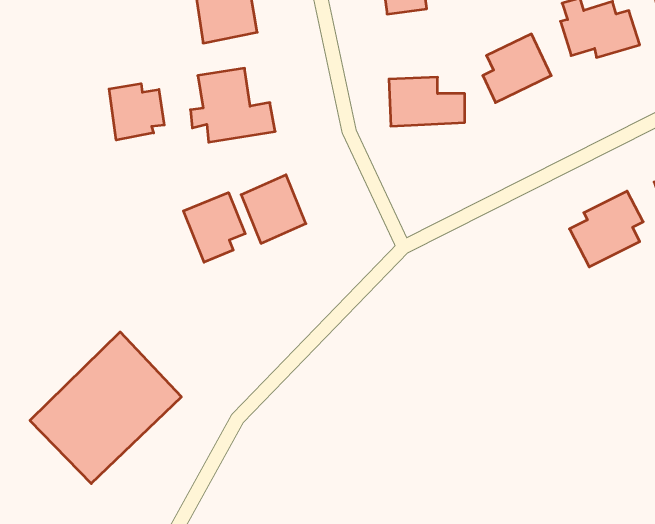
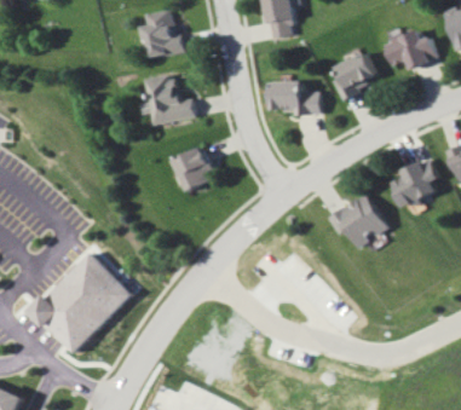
building: [109,84,164,140] -> none
building: [183,193,245,262] -> none
building: none -> [329,192,391,247]

